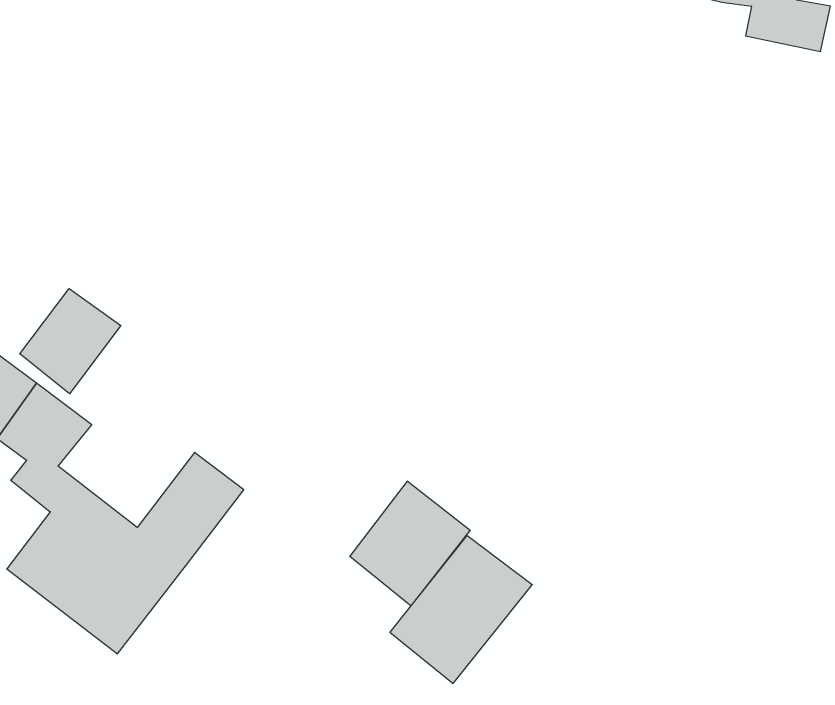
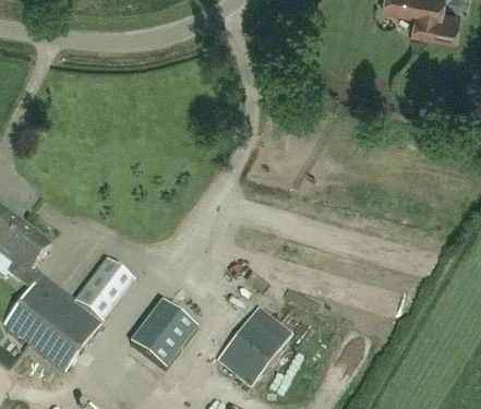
building: [20,289,121,394] -> none
building: [350,481,470,606] -> [131,300,197,369]

